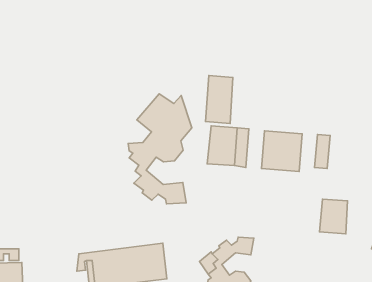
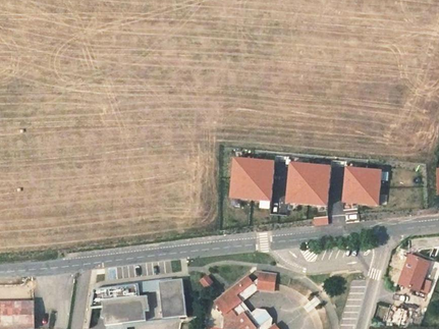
building: [205,75,233,123] -> none
building: [128,94,192,204] -> none
building: [320,199,348,234] -> [354,165,384,202]

